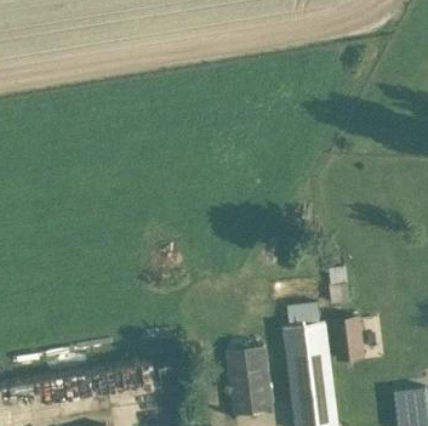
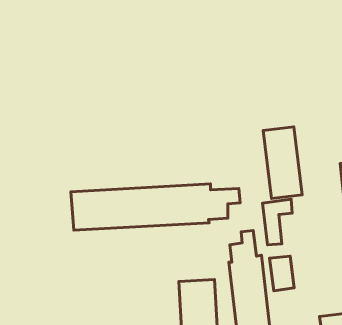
building: none -> [263,127,302,198]
building: none -> [71,184,240,230]

